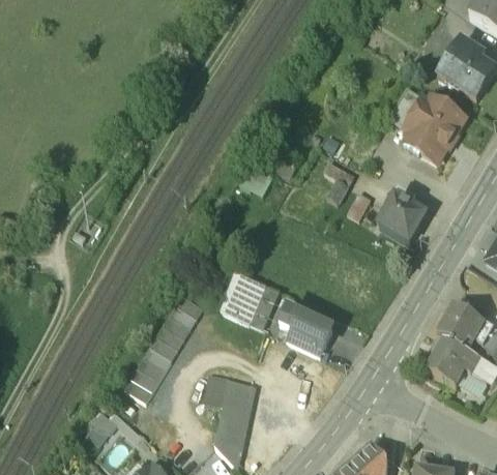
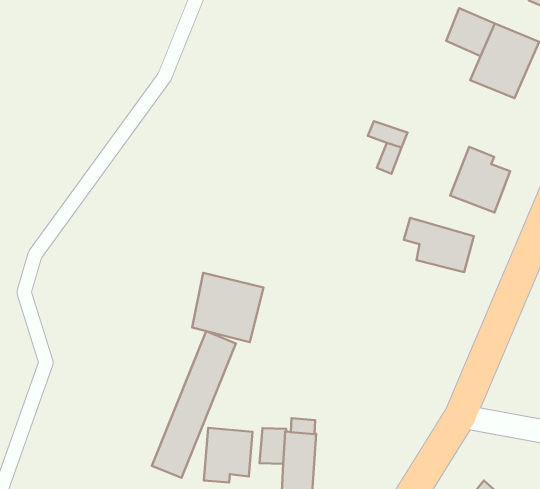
building: [221,273,279,330] -> [192,273,264,342]
building: [280,309,332,356] -> [404,218,474,272]
building: none -> [204,428,253,482]

